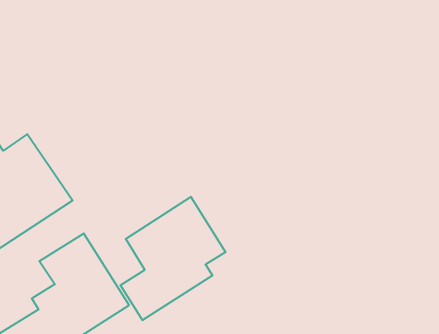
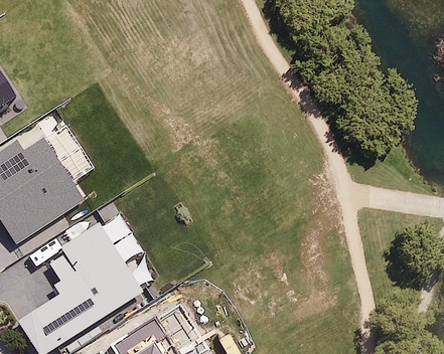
building: [120,197,225,320] -> none

